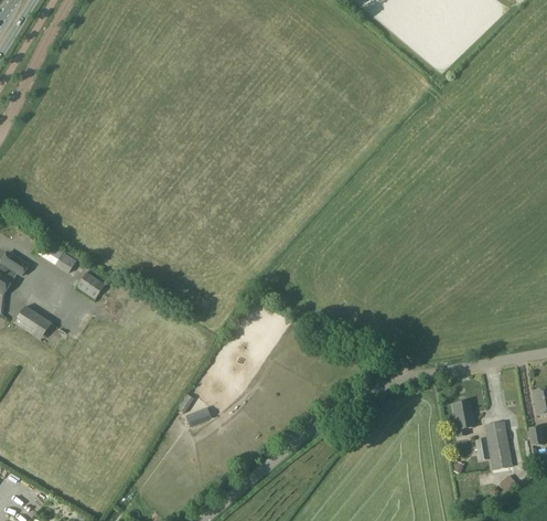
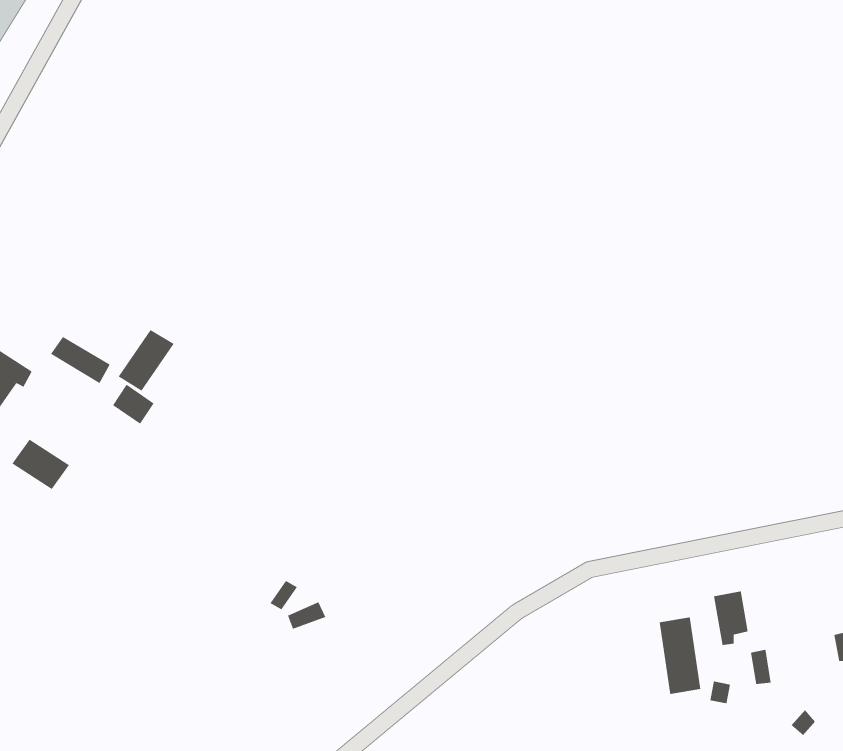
building: none -> [118,329,174,391]
building: [485,421,512,469] -> [659,617,701,695]

